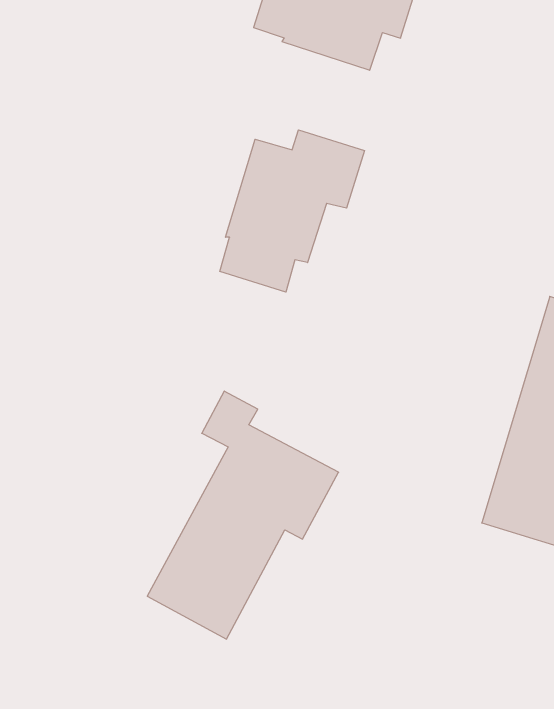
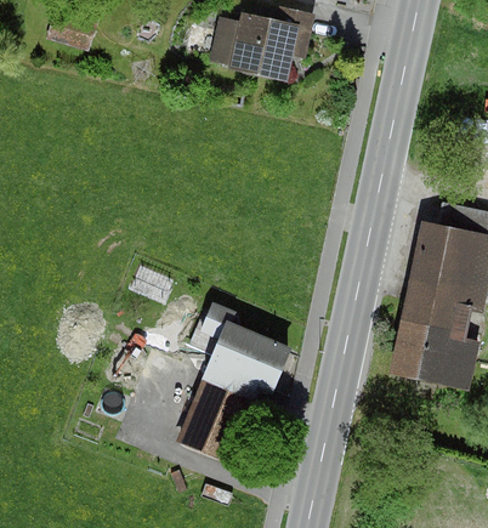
building: [220,130,365,292] -> none

